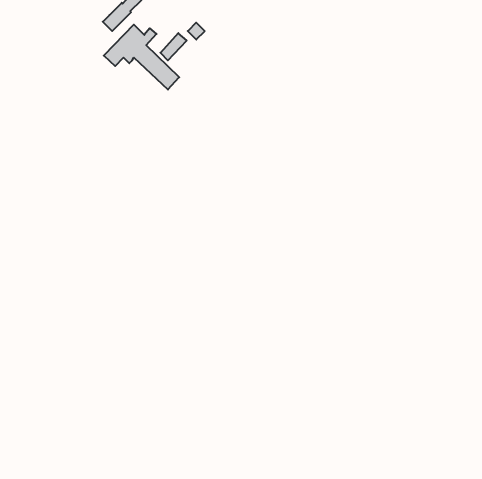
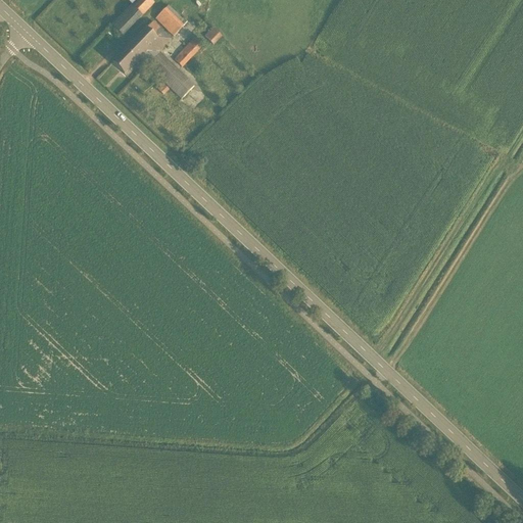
building: none -> [156,4,186,35]

